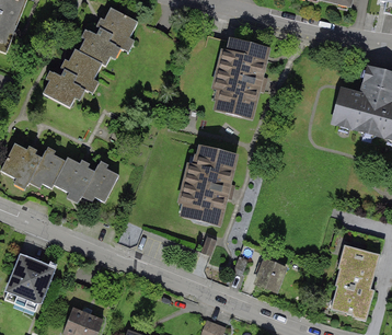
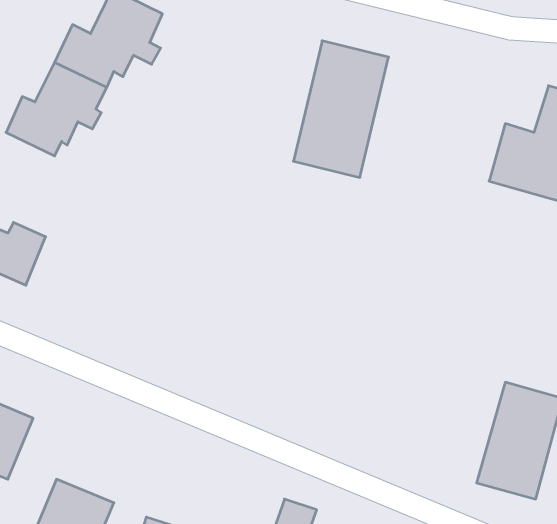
building: [173,143,237,229] -> none
building: [49,158,115,204] -> none
building: [250,254,290,294] -> none

